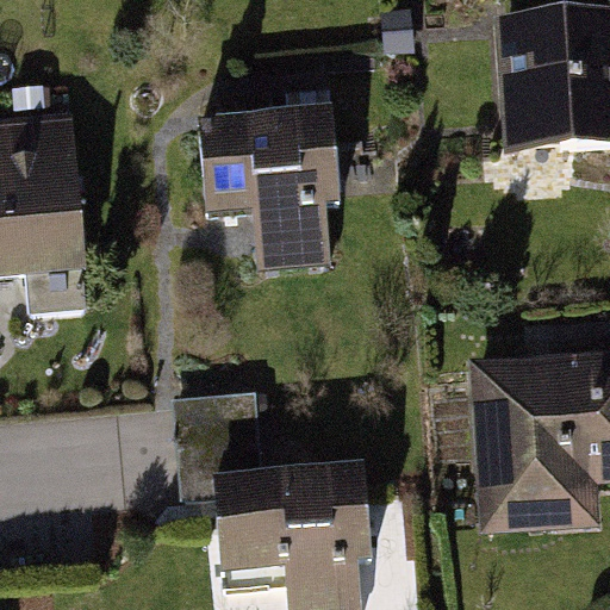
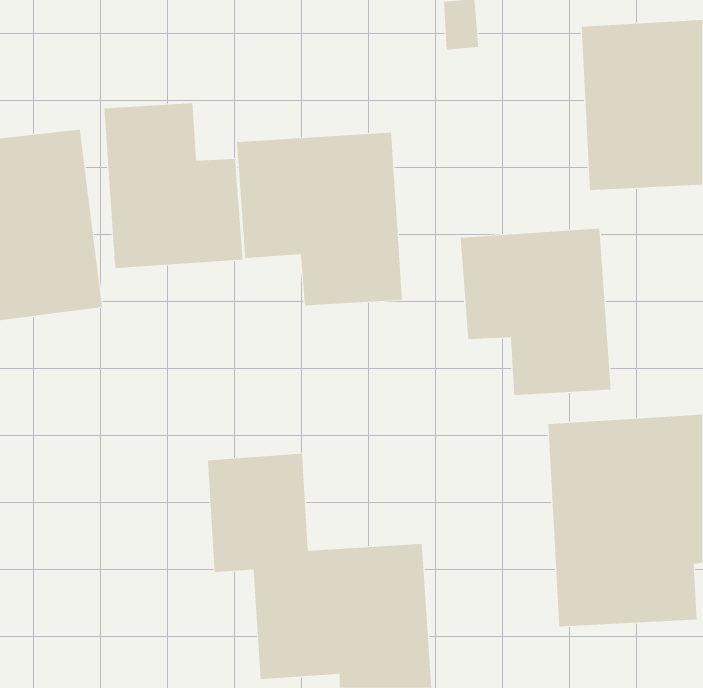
building: none -> [104,103,243,269]
building: none -> [460,228,611,396]

